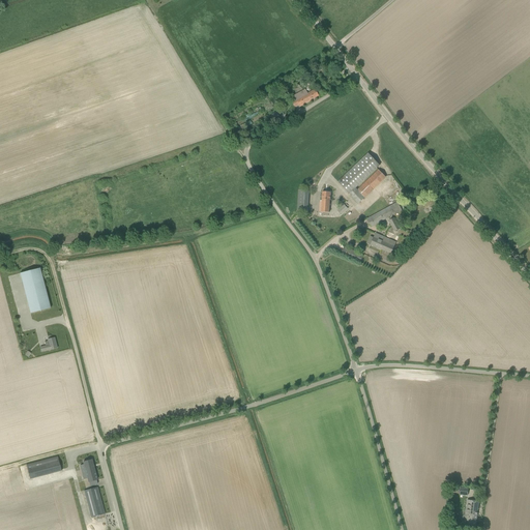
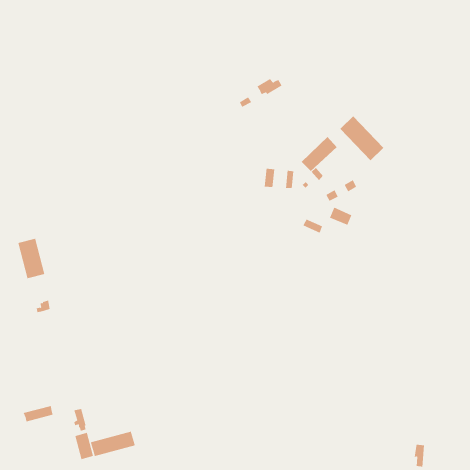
building: none -> [340,116,384,161]
building: none -> [90,431,135,457]

